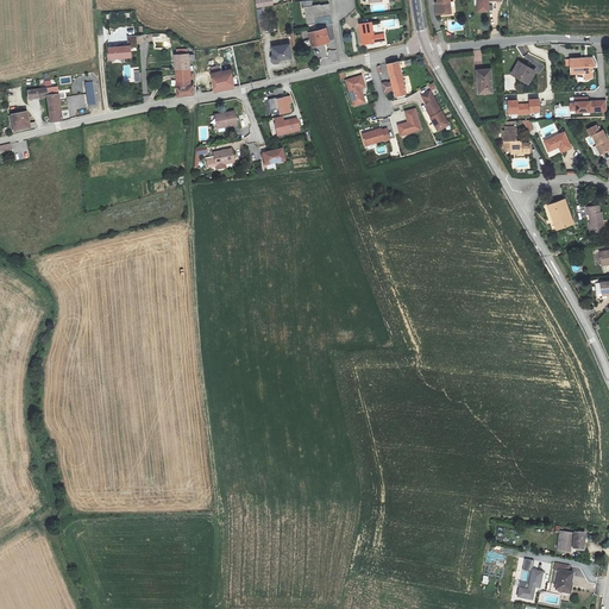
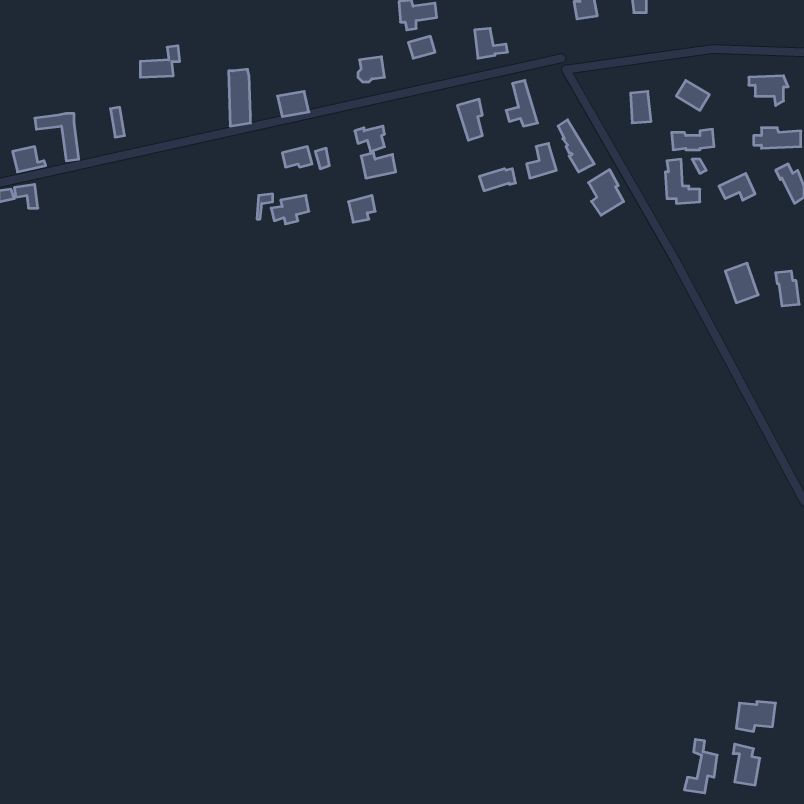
building: none -> [588,170,624,215]

